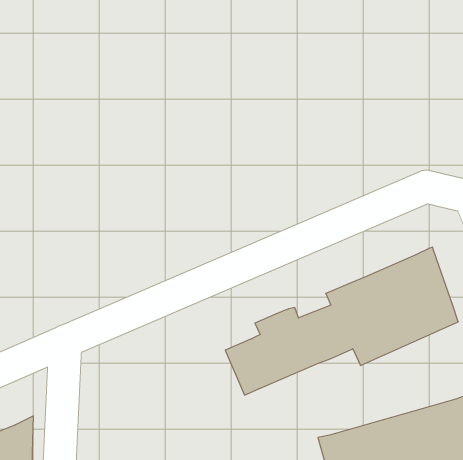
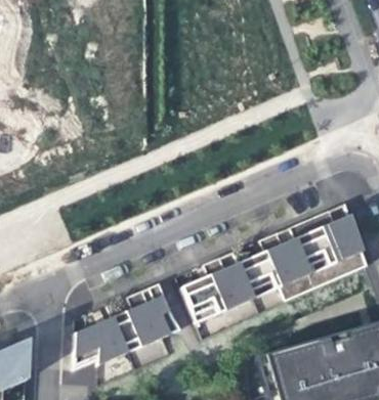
building: none -> [75,285,187,370]

